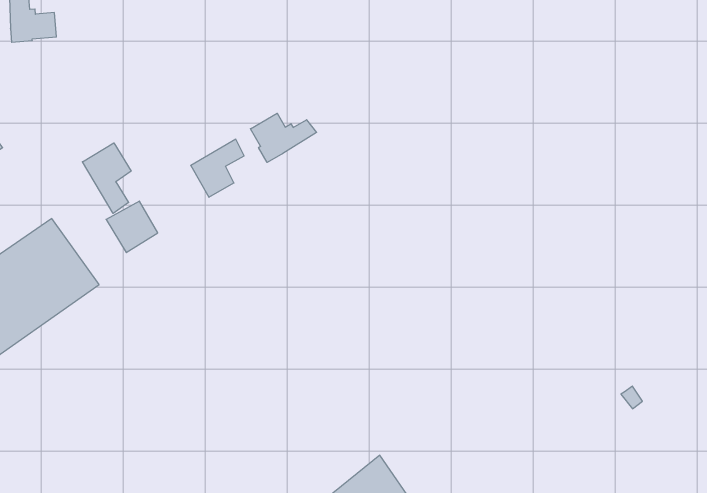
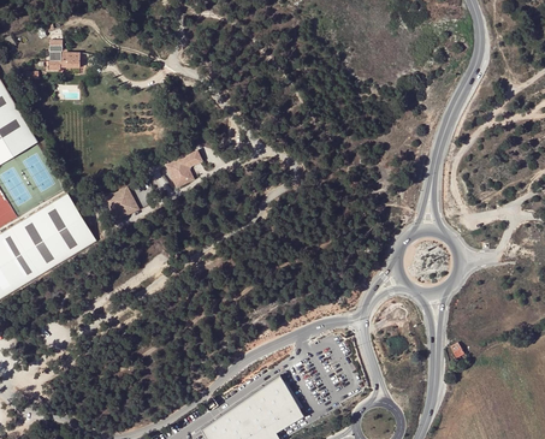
building: [250,113,317,162] -> none
building: [82,143,131,213] -> none

